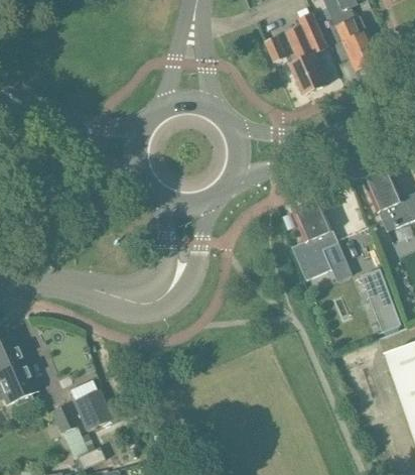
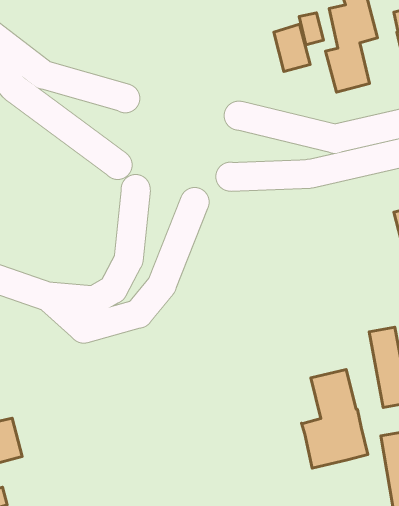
building: none -> [274,24,310,71]
building: [291,200,347,280] -> [302,370,368,468]

